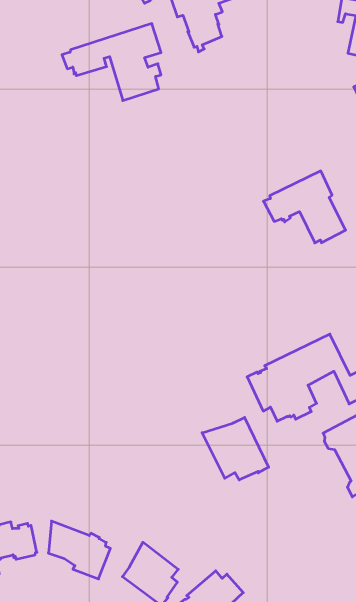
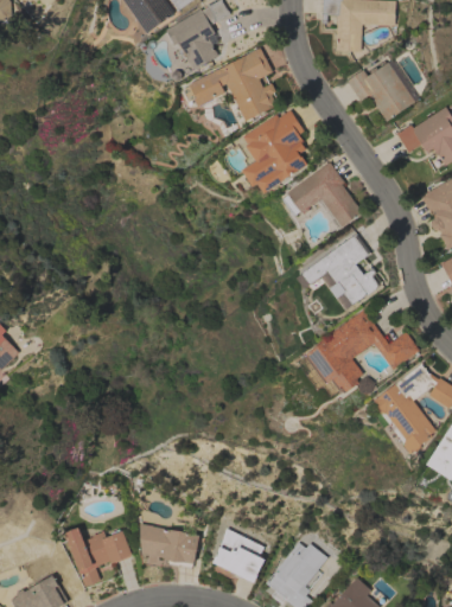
building: [62,24,161,101] -> [183,47,276,122]
building: none -> [242,110,308,194]
building: none -> [303,234,380,306]
building: [202,417,269,480] -> none

